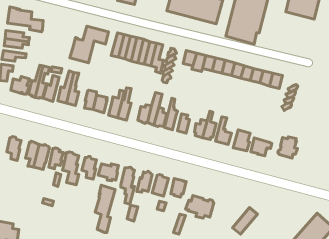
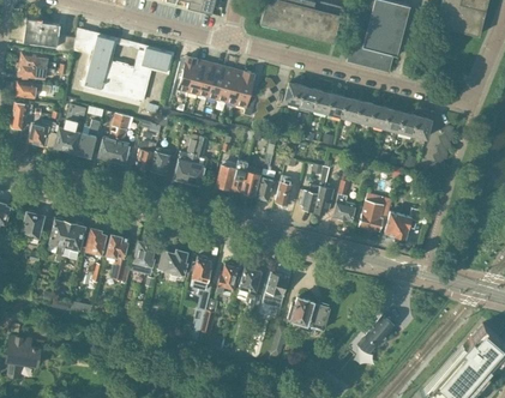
building: none -> [76,31,125,94]
building: [278,137,297,158] -> none
building: [95,185,115,233] -> none

